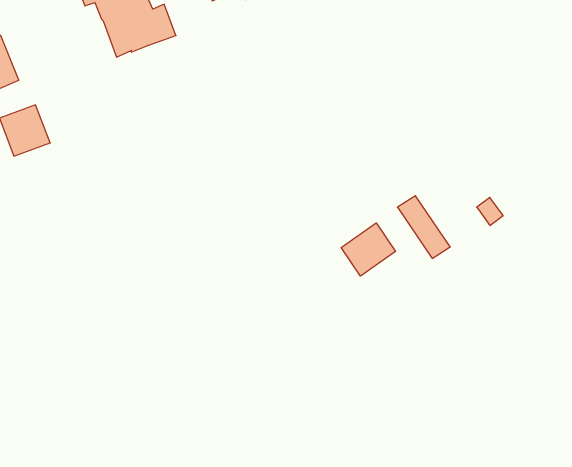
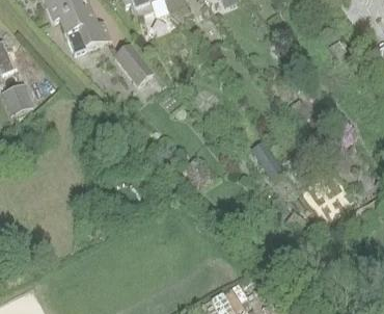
building: none -> [113,40,155,84]
building: [341,223,395,276] -> none

